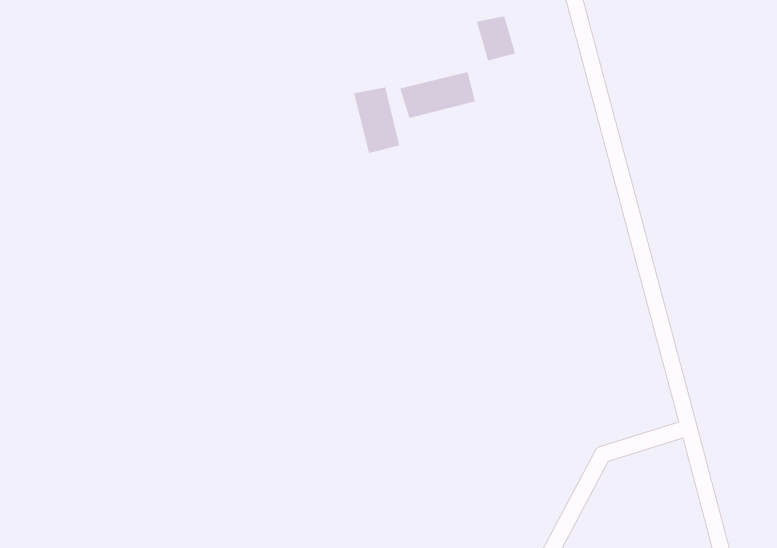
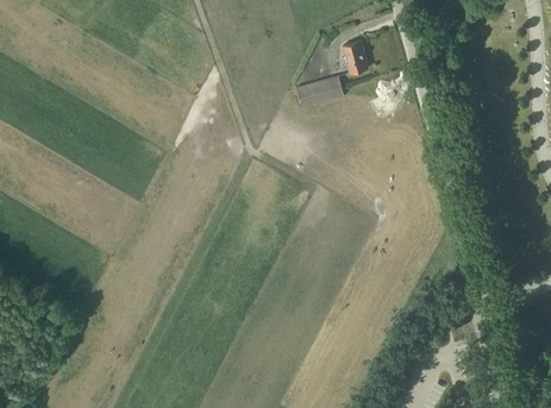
building: [353,86,400,154] -> none

